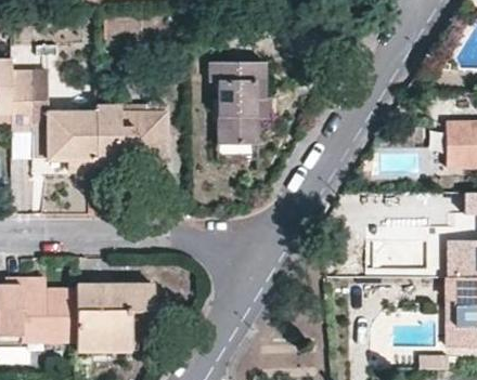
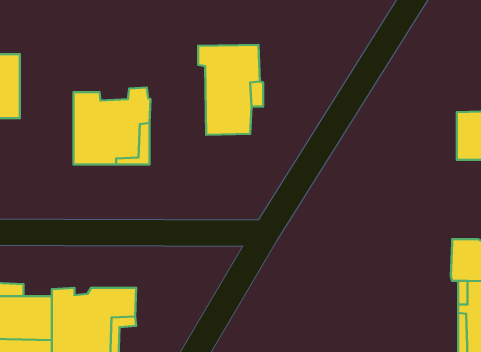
building: [47,112,95,170] -> none

